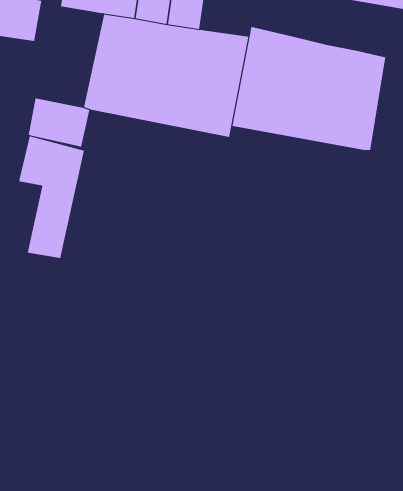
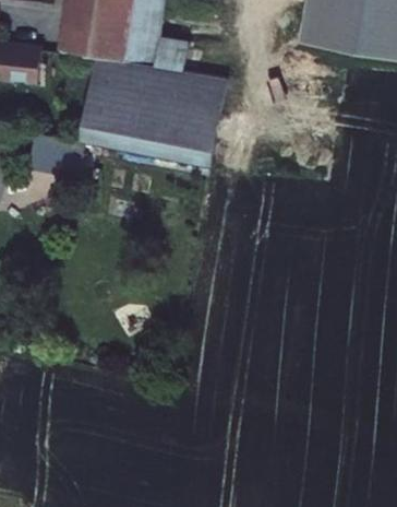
building: [232,26,386,151] -> none
building: [18,136,85,259] -> none

